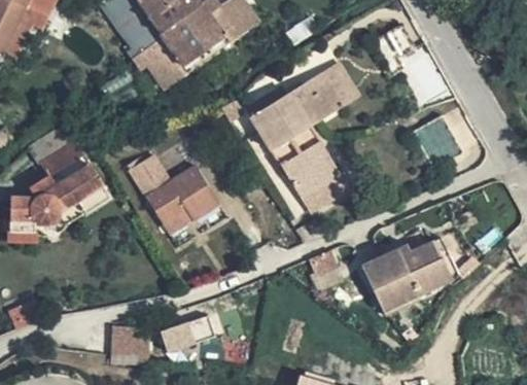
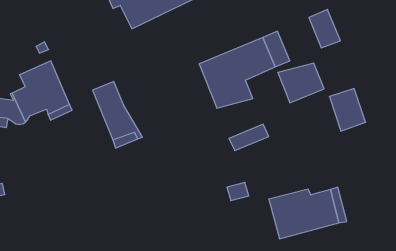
building: [281,148,340,201] -> [278,63,324,103]
building: [169,166,217,216] -> none
building: [160,312,212,348] -> none
building: [112,329,148,354] -> none

